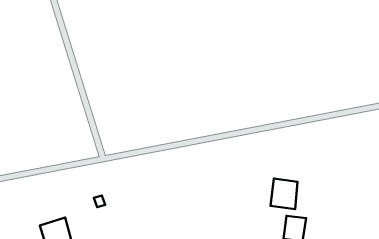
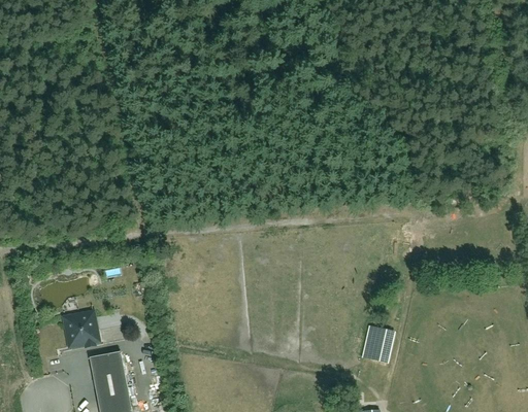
building: [270,179,298,209] -> none

